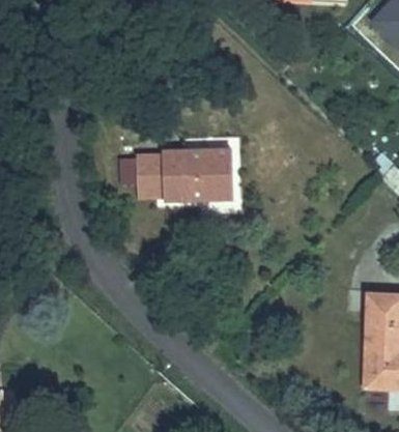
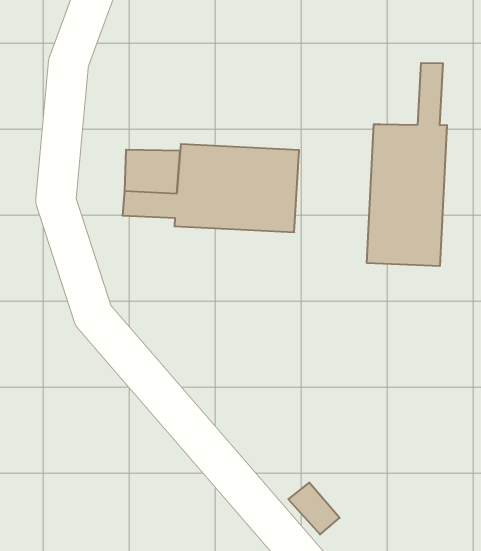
building: none -> [367,63,447,266]

